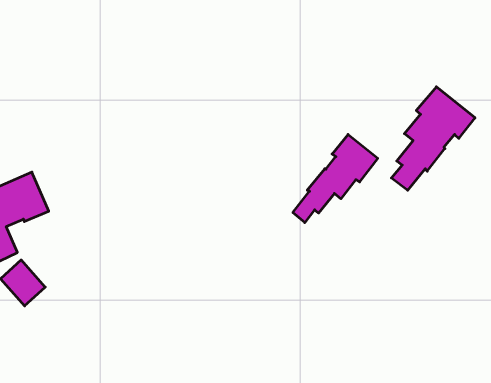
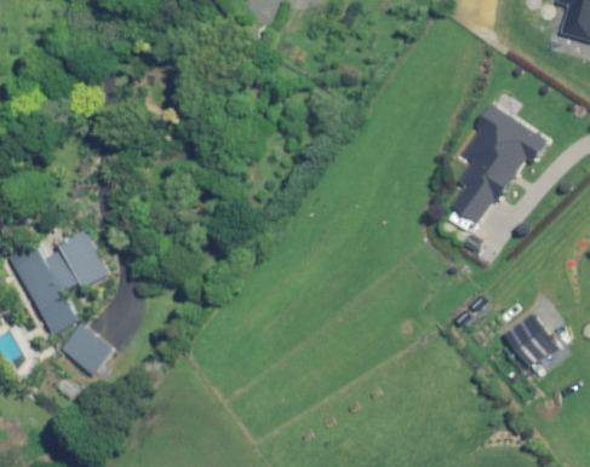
building: [293,134,378,223] -> none
building: none -> [503,311,554,364]

